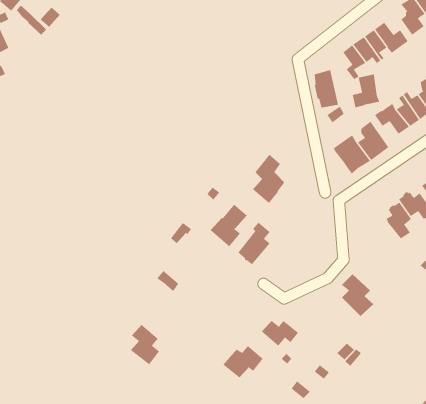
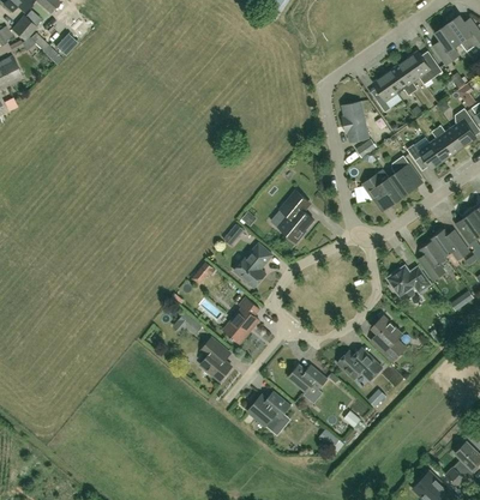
building: [352,74,380,108] -> none
building: [237,222,271,265] -> [224,297,259,343]
building: none -> [388,265,431,300]
building: none -> [338,349,382,380]
building: [130,324,160,365] -> [200,337,232,380]

